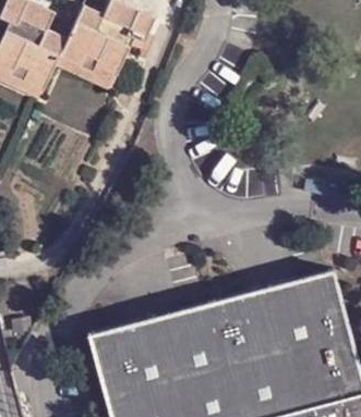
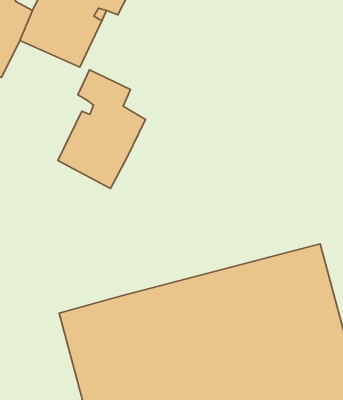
building: none -> [58,70,145,189]

